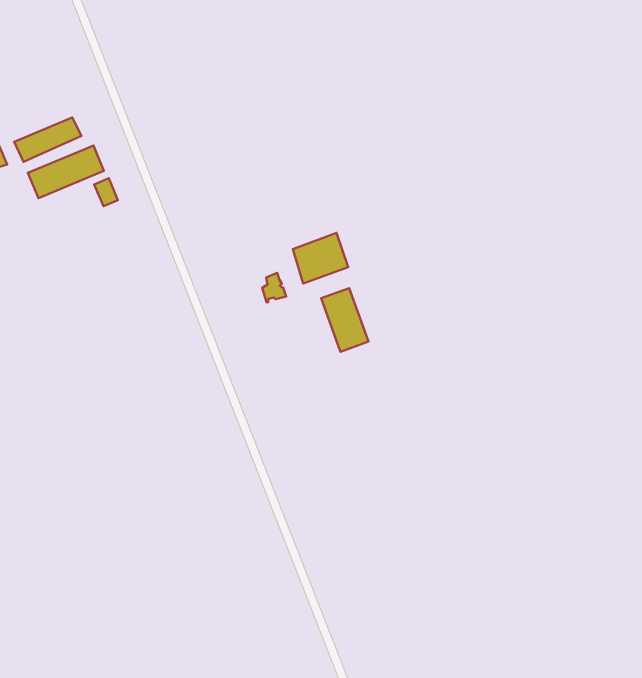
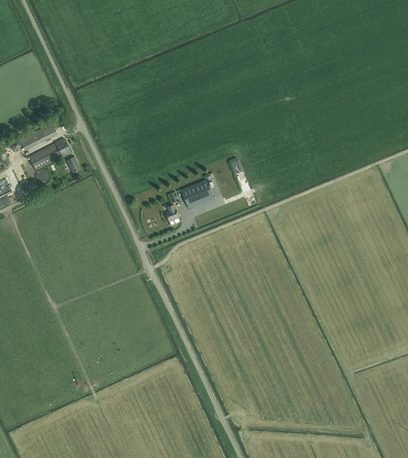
building: [321,288,369,352] -> none

